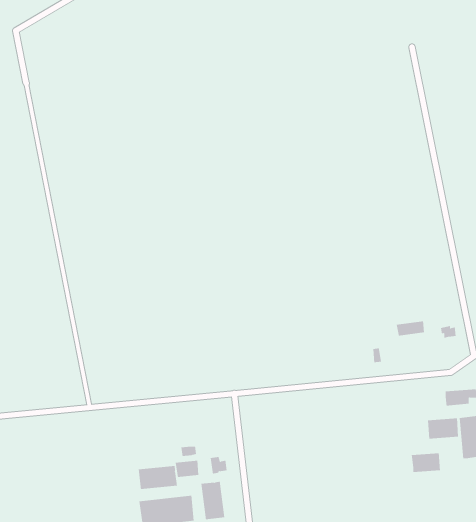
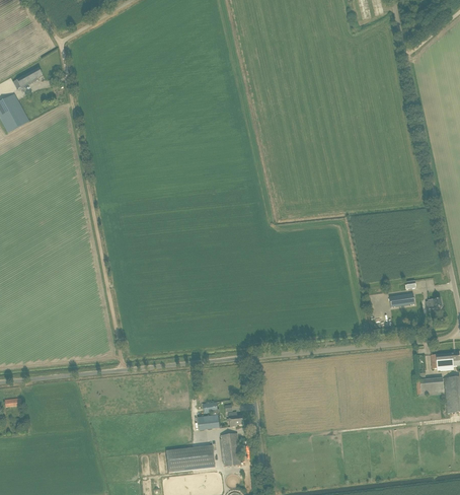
building: [411,452,441,473] -> none
building: [138,465,178,490] -> none

